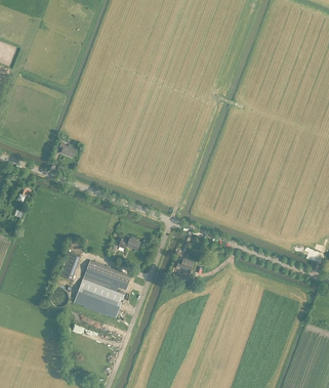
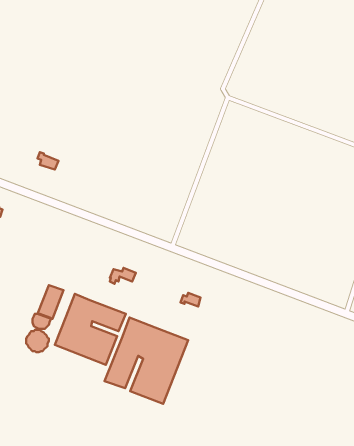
building: none -> [105,317,188,404]

